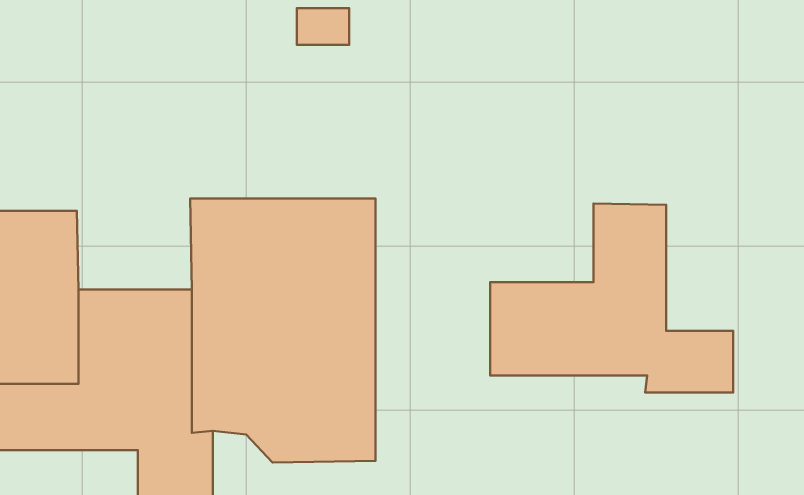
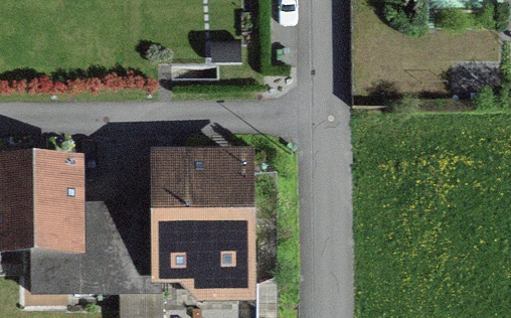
building: [490,203,733,393] -> none

